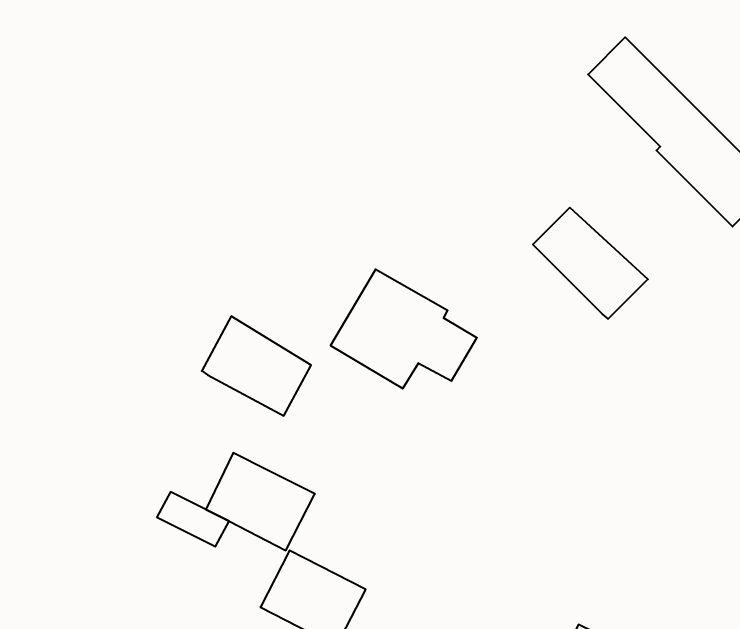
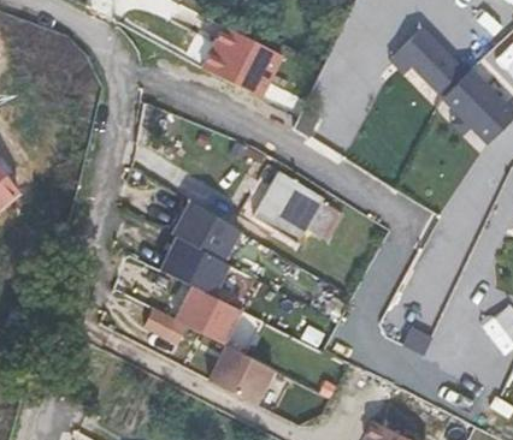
building: none -> [202,29,283,101]
building: [533,208,648,319] -> none
building: none -> [159,238,228,297]

